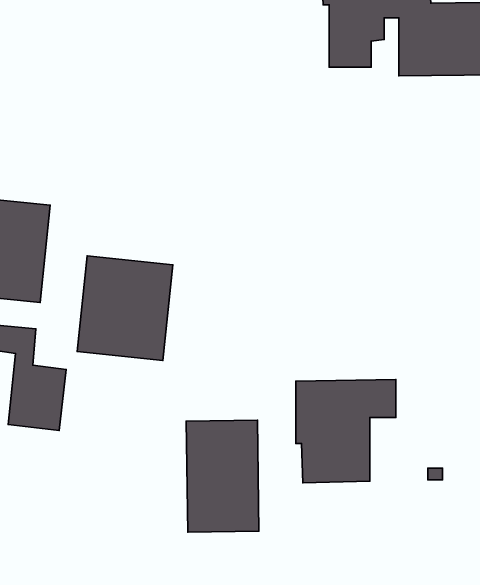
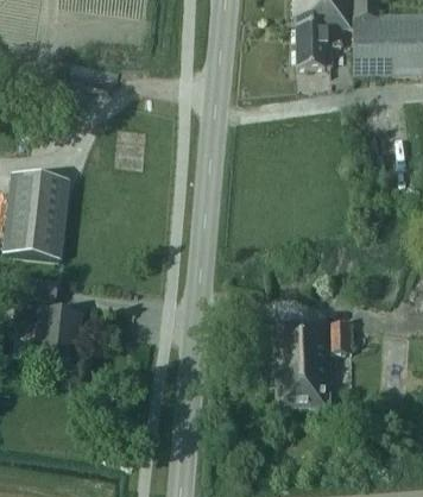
building: [77,256,173,360] -> none
building: [186,420,259,532] -> none

